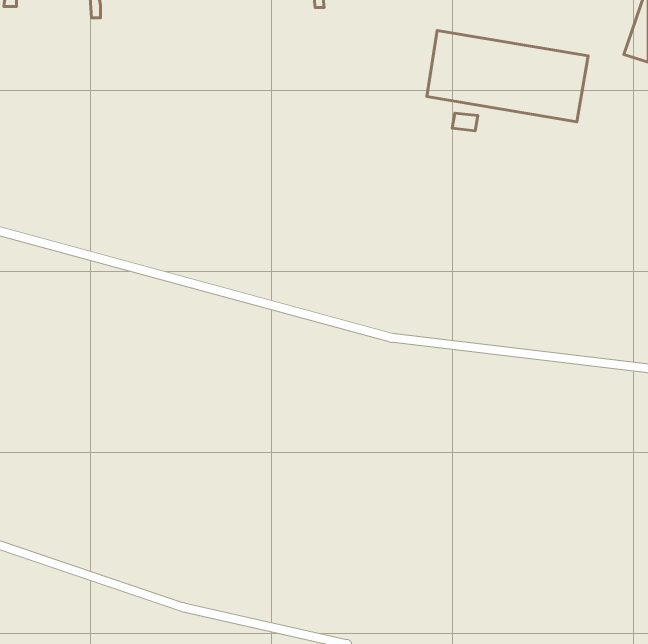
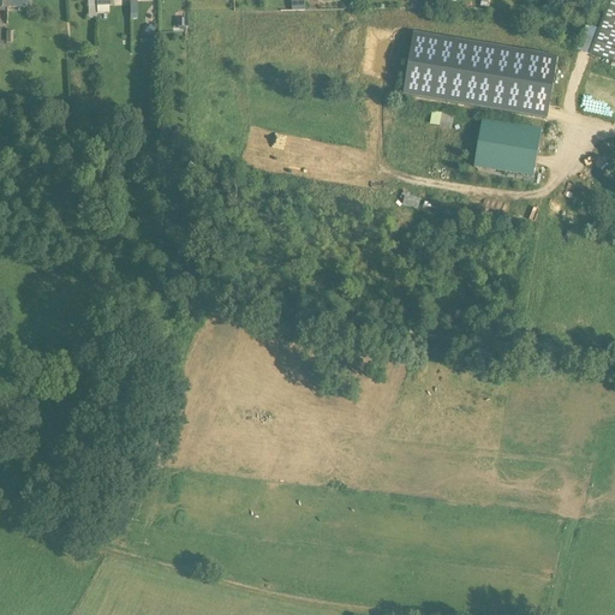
building: none -> [473,117,542,174]

